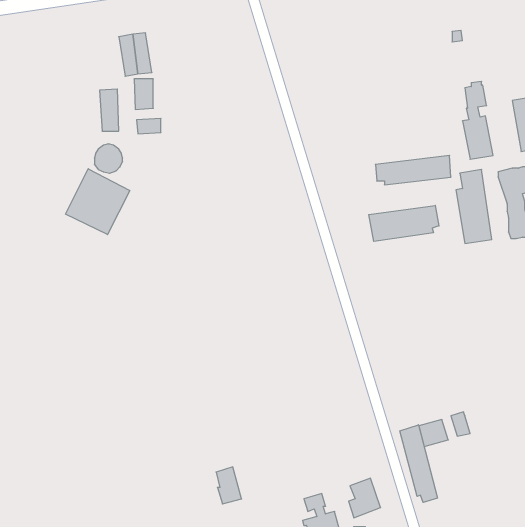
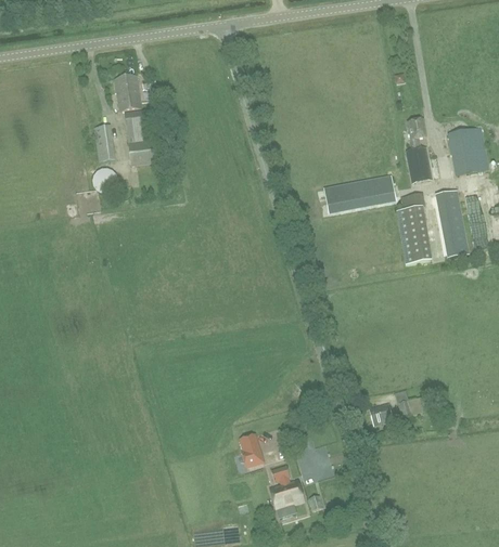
building: [66,169,130,235] -> none
building: [369,205,439,241] -> none
building: [400,425,437,502] -> none
building: [216,467,242,504] -> [241,435,263,467]

